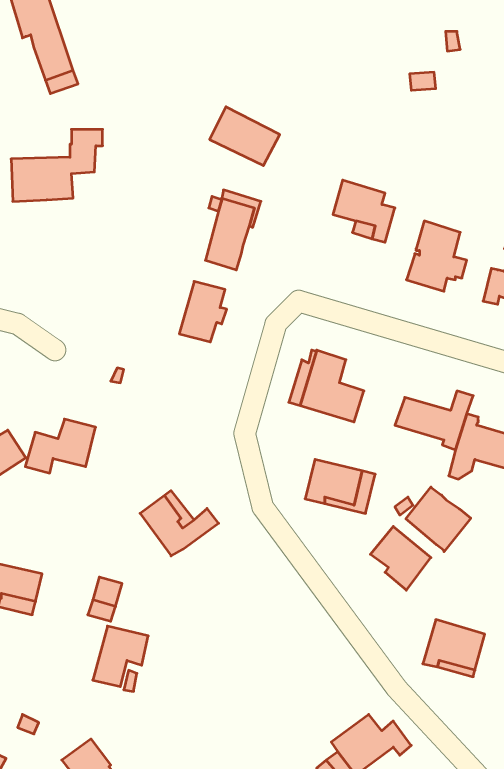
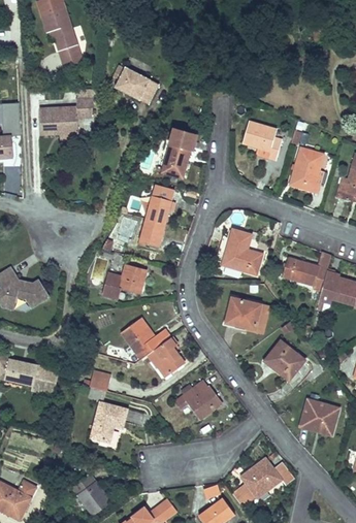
building: [210,107,280,166] -> [115,67,159,104]
building: none -> [138,219,165,248]
building: [25,419,96,473] -> [101,264,145,298]
building: [406,487,471,552] -> none
building: none -> [148,336,184,378]
building: none -> [174,381,221,419]

